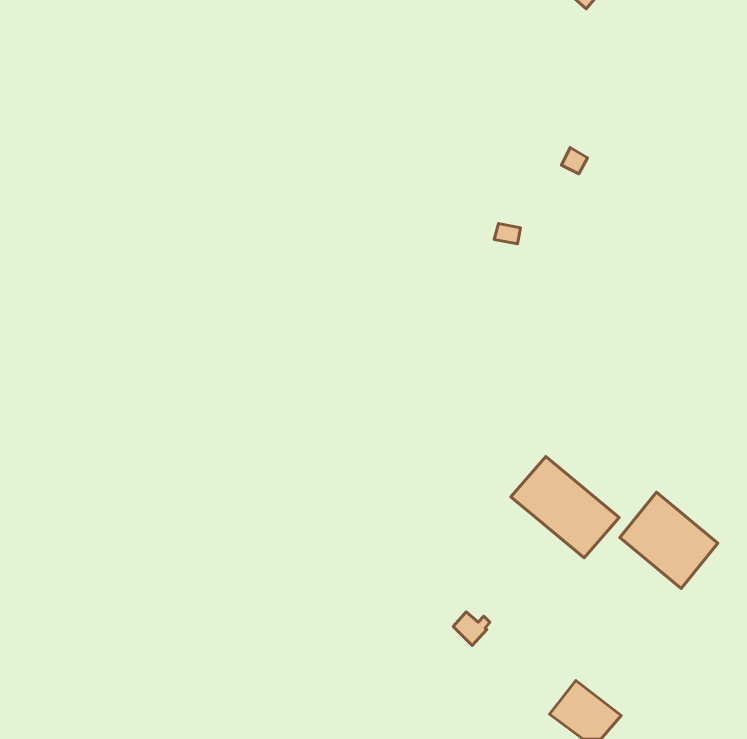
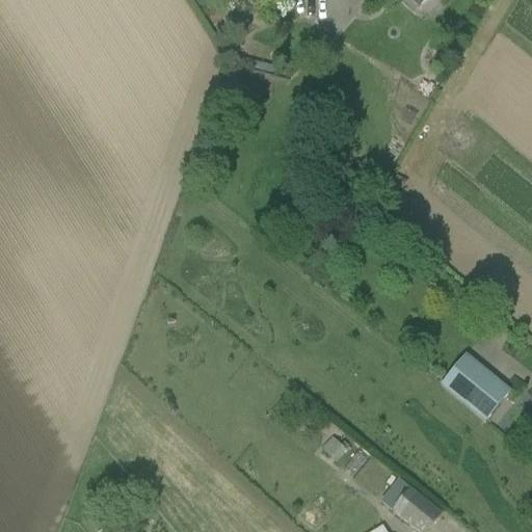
building: [511,457,619,558] -> none

